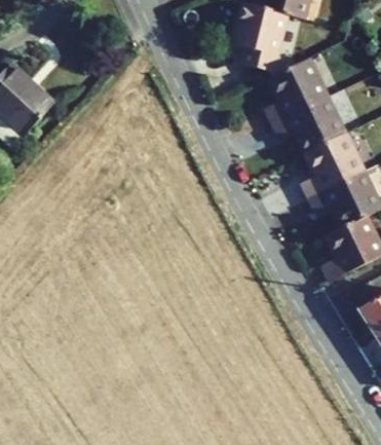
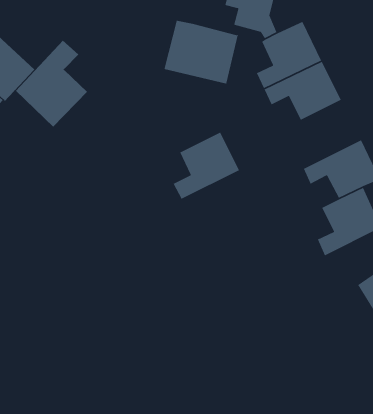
building: none -> [163,20,239,85]
building: none -> [15,40,88,128]
building: [301,132,365,196] -> [173,131,240,200]

